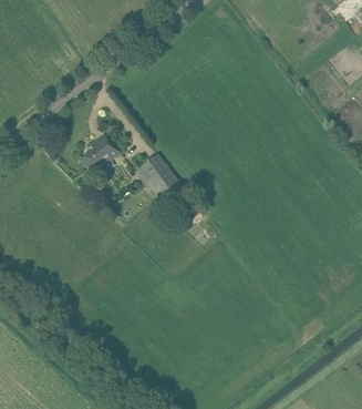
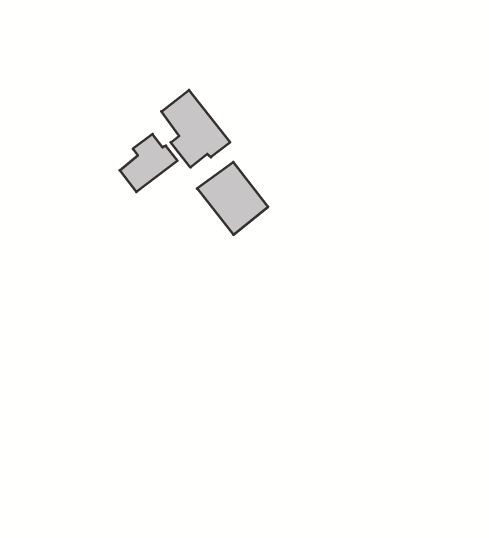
building: none -> [161,90,230,167]

